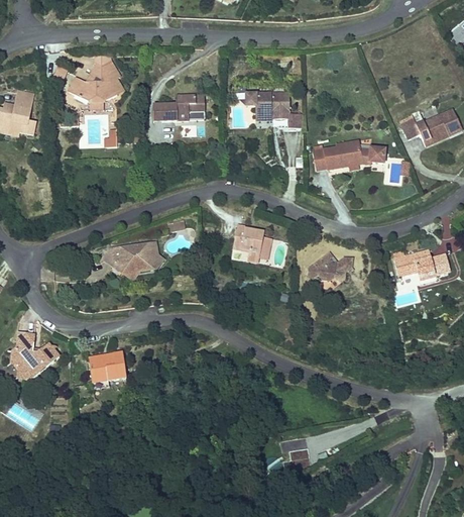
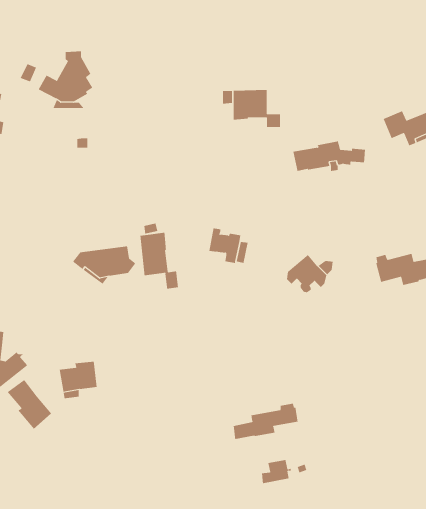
building: [152,94,204,121] -> none
building: none -> [140,232,179,289]
building: none -> [7,379,52,429]
building: none -> [233,403,298,440]

